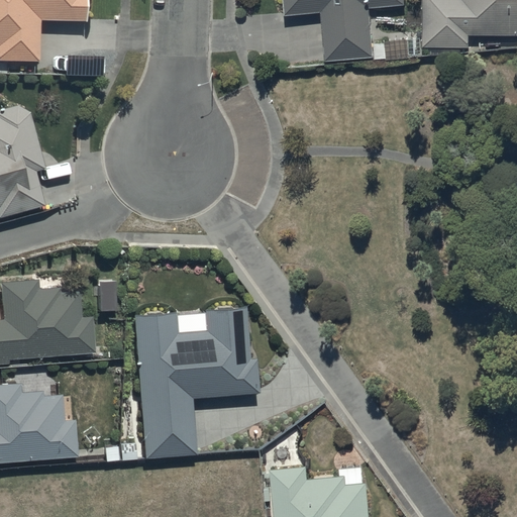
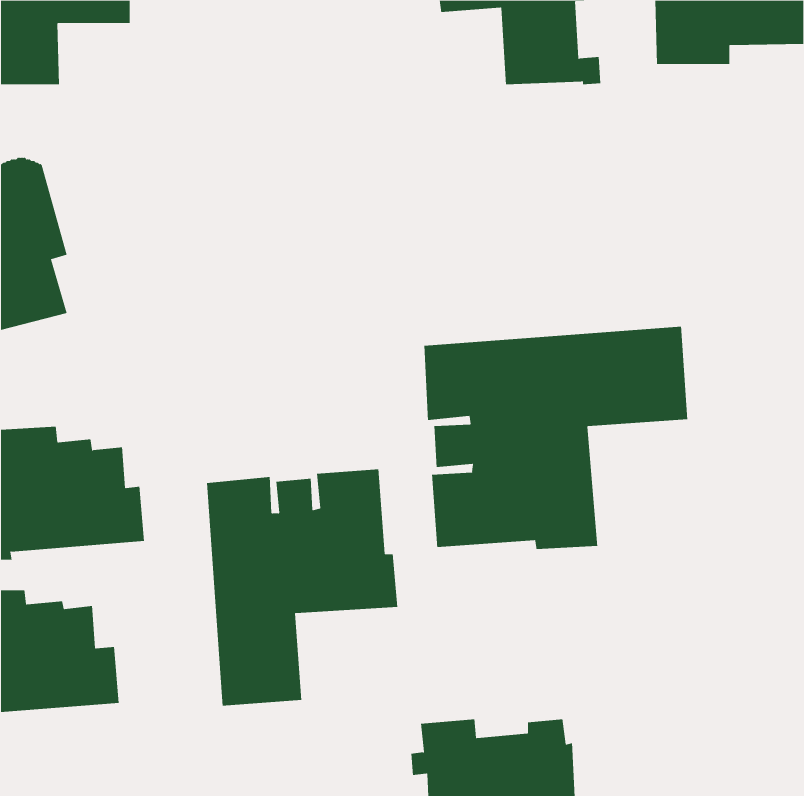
building: none -> [424,326,688,550]

